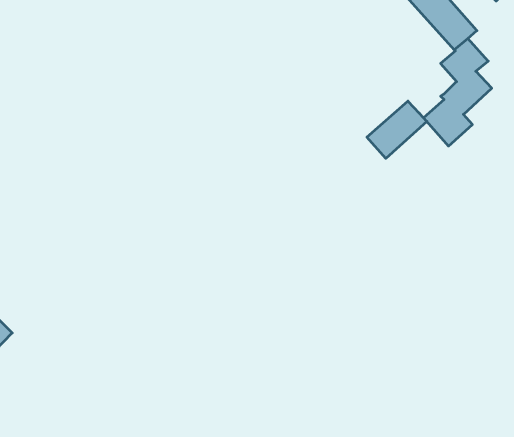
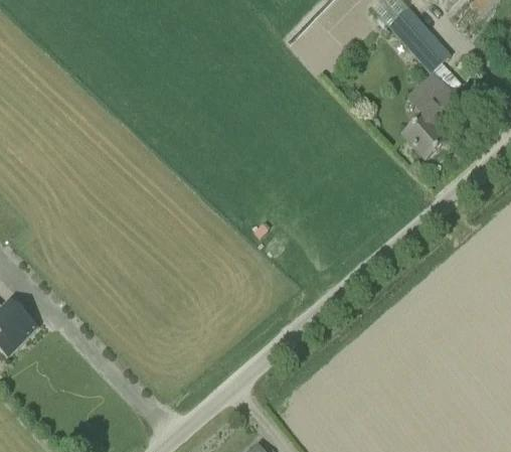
building: [367,101,427,158] -> none

